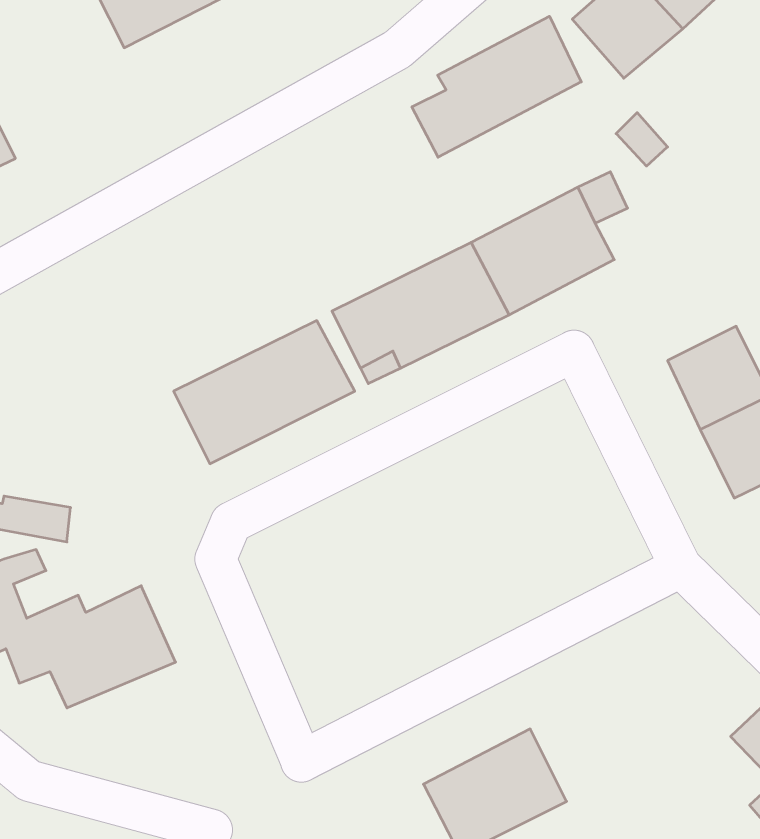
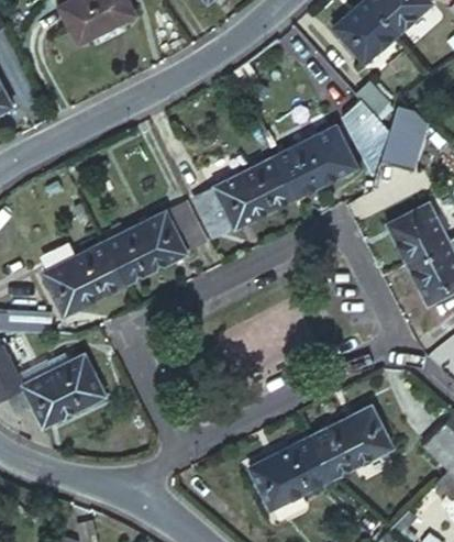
building: [412,16,581,157] -> none
building: none -> [381,125,422,173]
building: none -> [44,242,125,314]
building: none -> [310,407,391,478]

